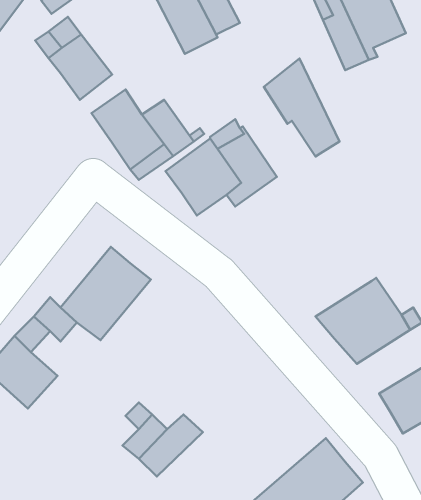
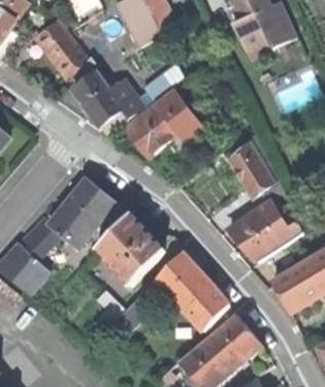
building: [264,59,339,156] -> [230,135,283,203]
building: none -> [94,214,164,284]
building: none -> [155,254,228,328]

